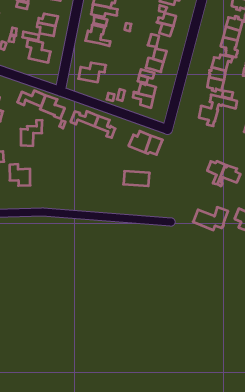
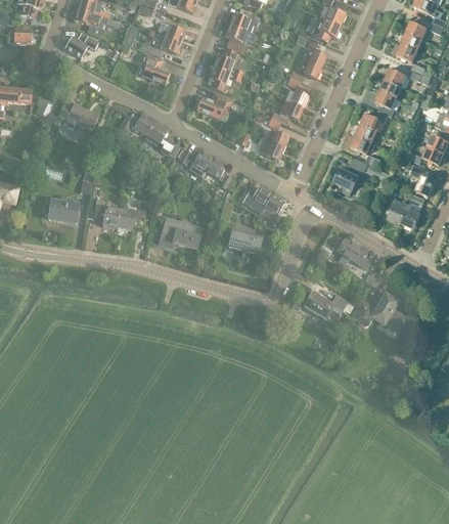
building: none -> [209,67,240,93]
building: [21,120,42,146] -> [117,202,147,231]
building: none -> [158,218,203,251]

